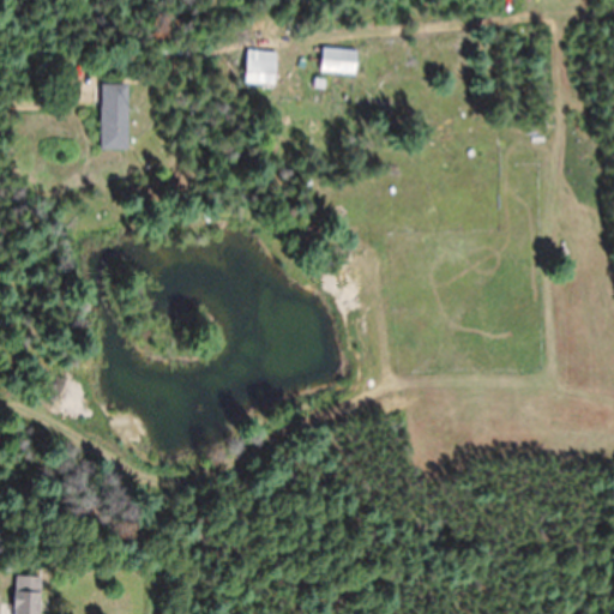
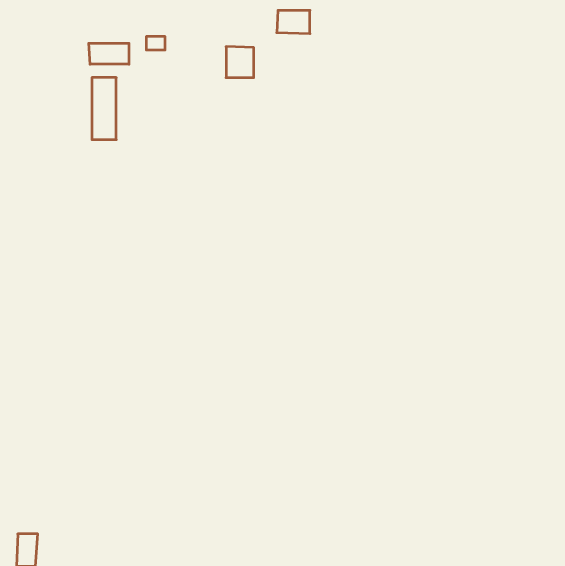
building: none -> [89,43,129,64]
building: [320,49,356,74] -> [277,10,310,34]

